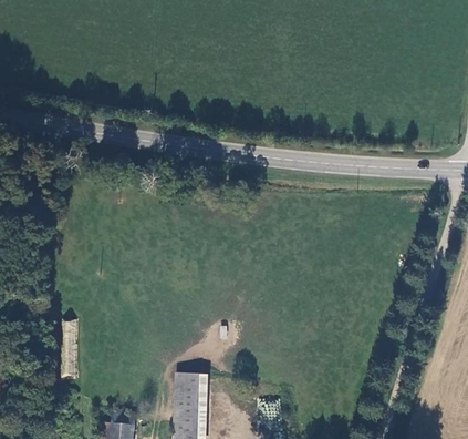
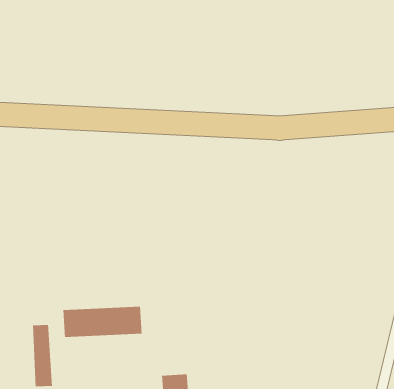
building: none -> [62,306,142,338]

